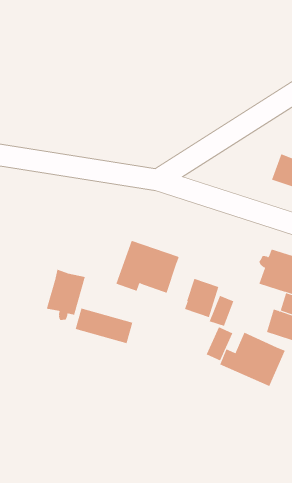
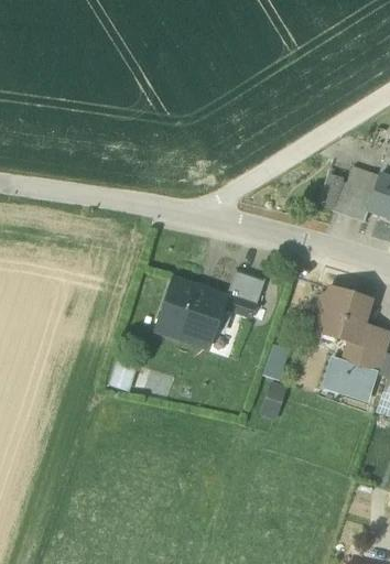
building: [46,269,85,321] -> none
building: [184,278,219,318] -> [226,271,266,316]
building: [219,332,286,387] -> none

